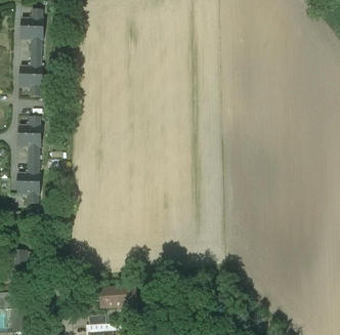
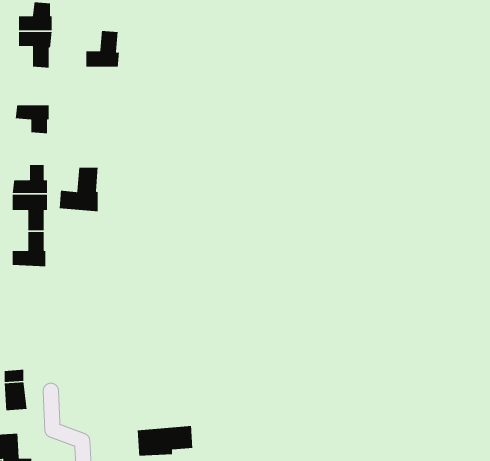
building: [20,51,43,76] -> [85,30,120,68]
building: none -> [59,167,99,212]
building: [17,181,40,203] -> none

